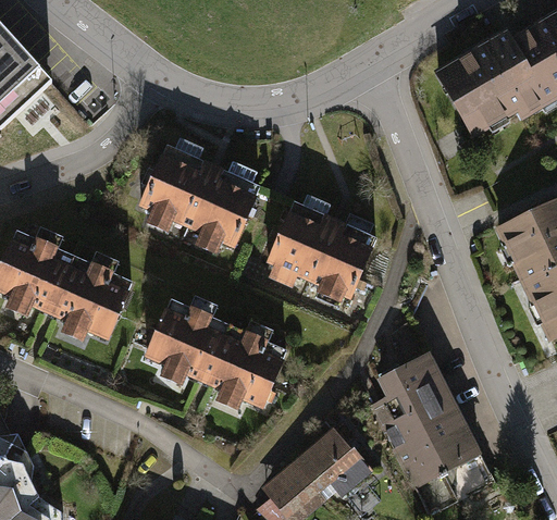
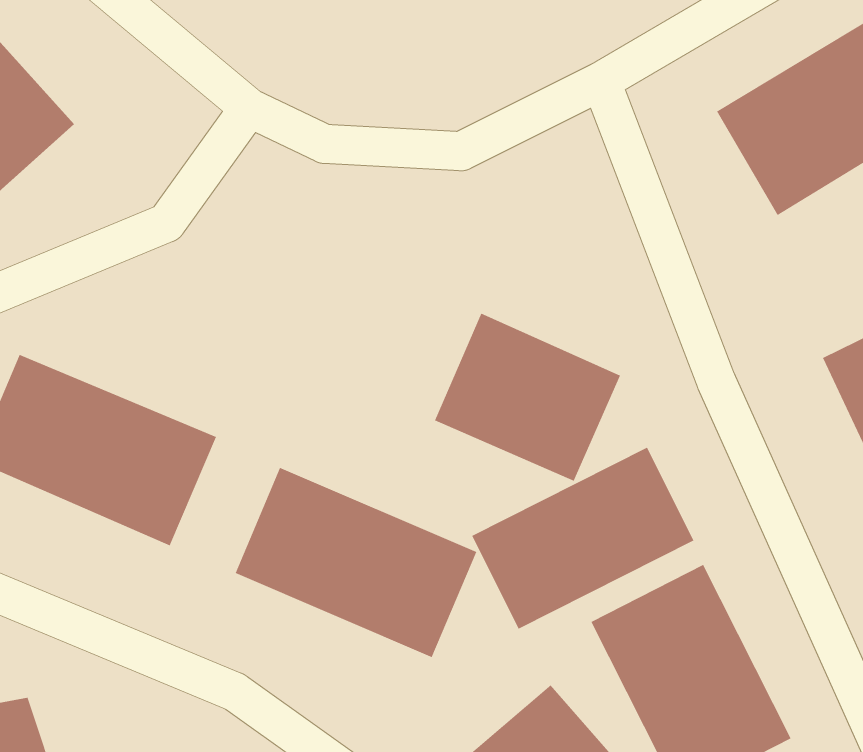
building: [134,143,261,250] -> none
building: none -> [471,447,694,629]

